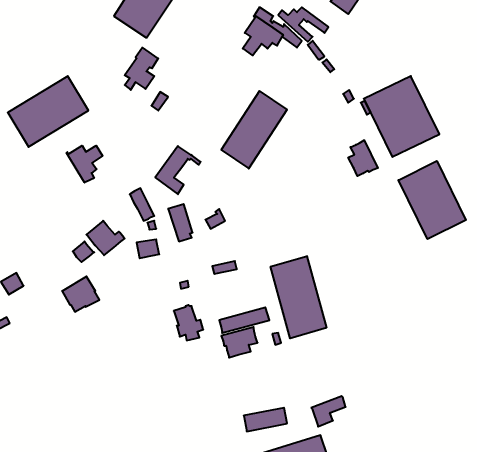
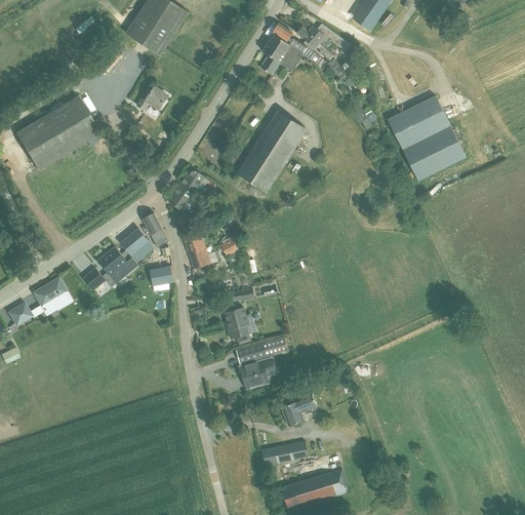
building: [348,140,378,176] -> none
building: [66,146,103,183] -> none
building: [398,161,466,239] -> none
building: none -> [120,228,154,262]
building: [271,256,326,338] -> none
building: [62,276,99,312] -> [33,277,72,314]
building: [174,305,203,340] -> [225,306,255,343]
building: [311,396,346,427] -> [281,394,317,426]

